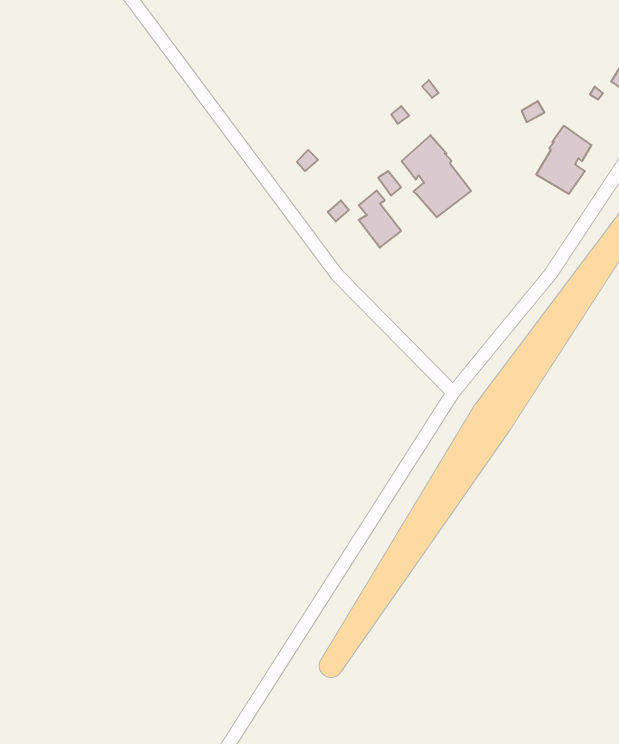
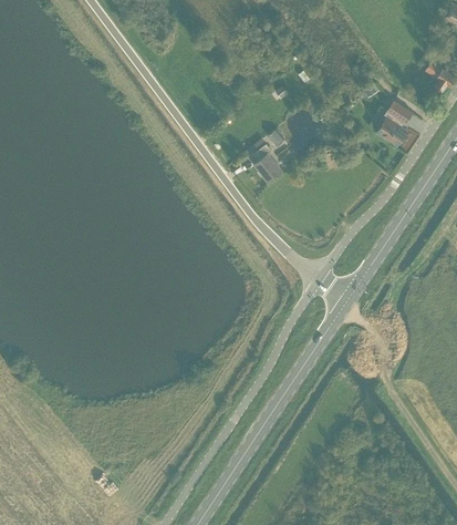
building: [402,135,471,217] -> none

